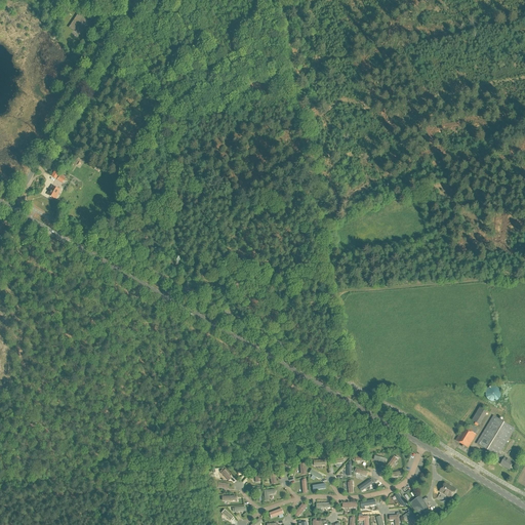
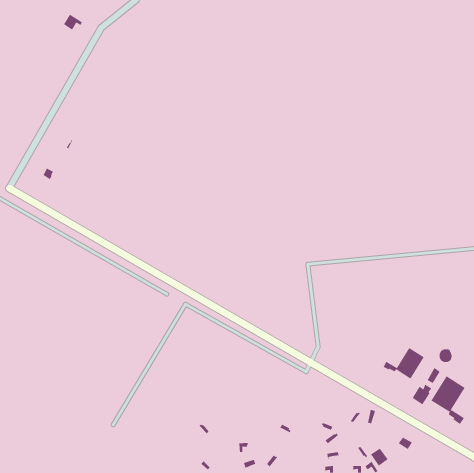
building: none -> [383,347,425,380]

